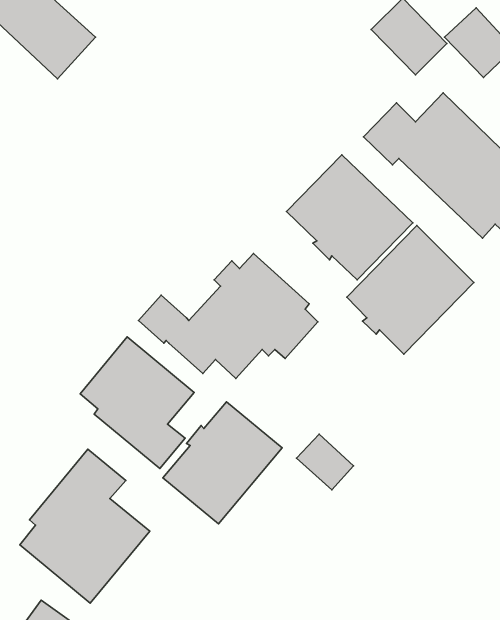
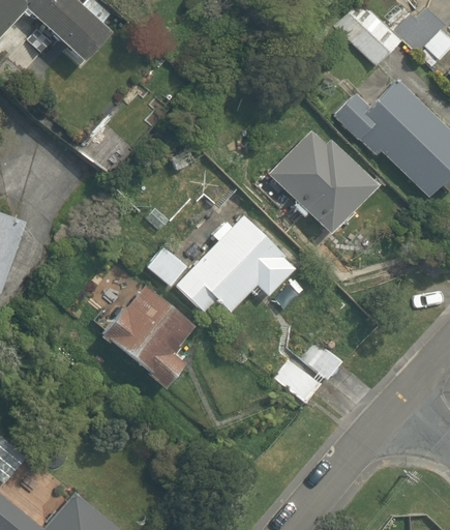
building: [347,226,474,354] -> none
building: [163,402,282,524] -> none
building: [20,449,150,603] -> none

